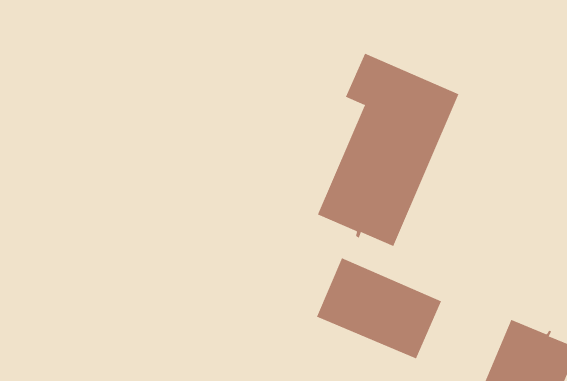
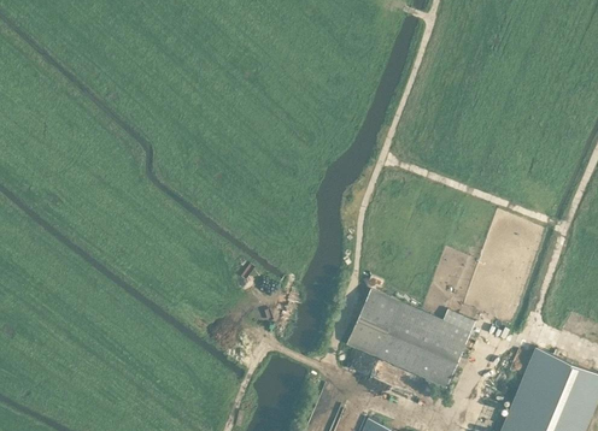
building: [317,53,459,247] -> none

